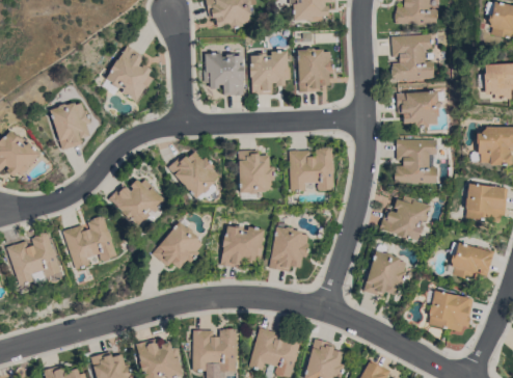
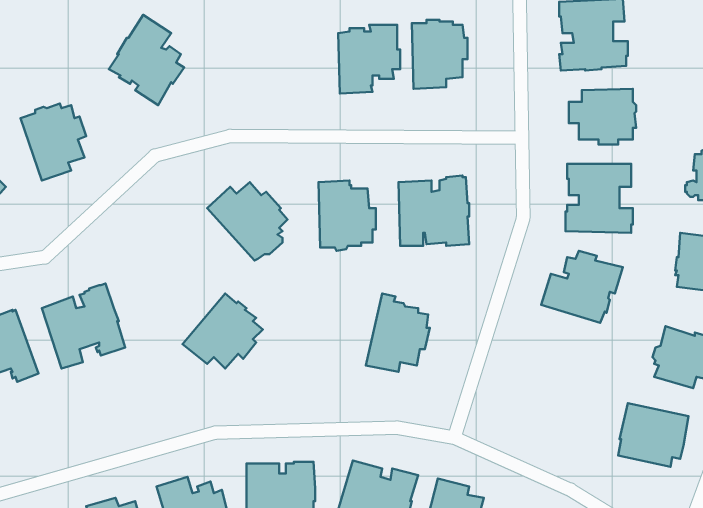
building: [205,53,245,94] -> none
building: [109,179,165,225] -> none
building: [220,225,265,268] -> none
building: [363,250,407,297] -> none

